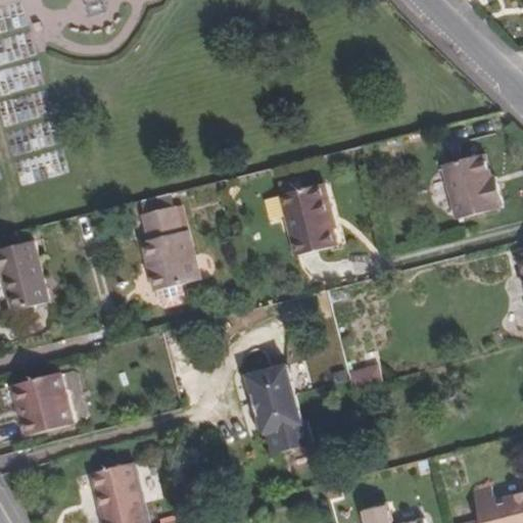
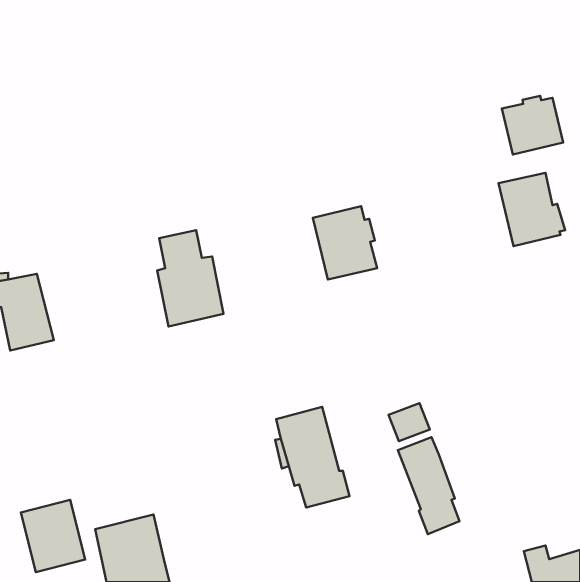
building: none -> [502,96,563,154]
building: [14,370,72,434] -> [21,500,85,572]
building: none -> [398,437,459,534]

